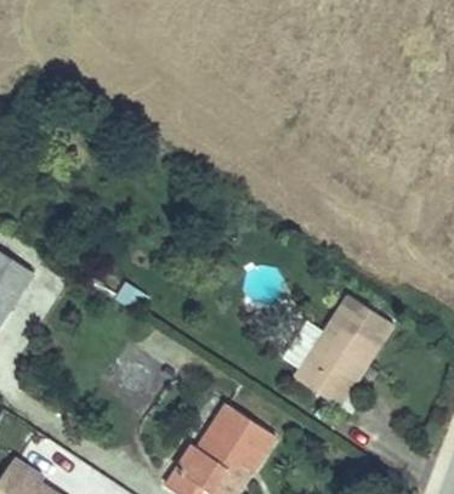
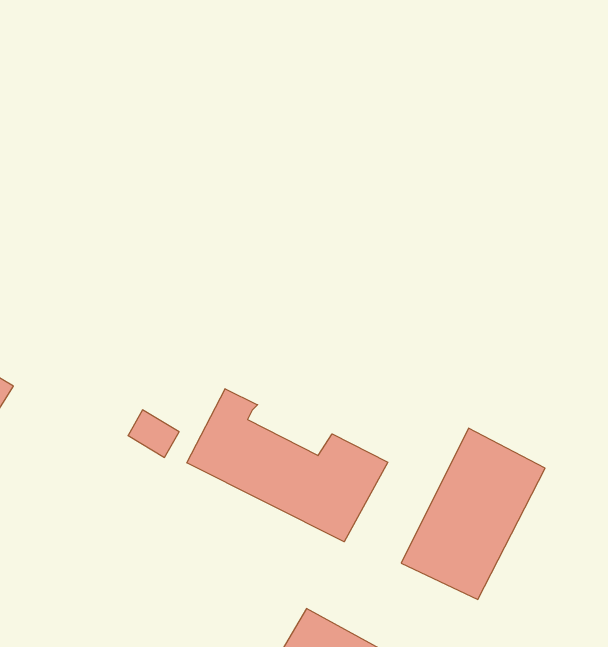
building: none -> [187,389,388,542]

